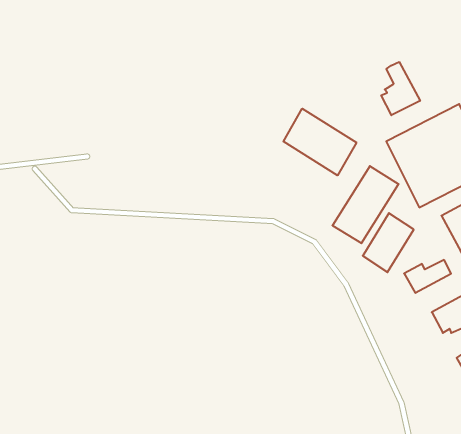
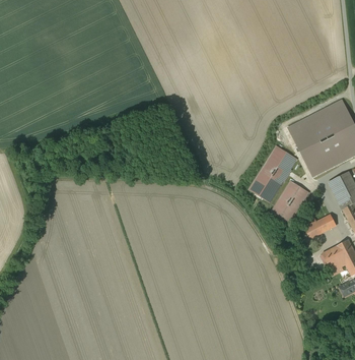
building: [381,62,420,115] -> none
building: [283,109,356,175] -> none

